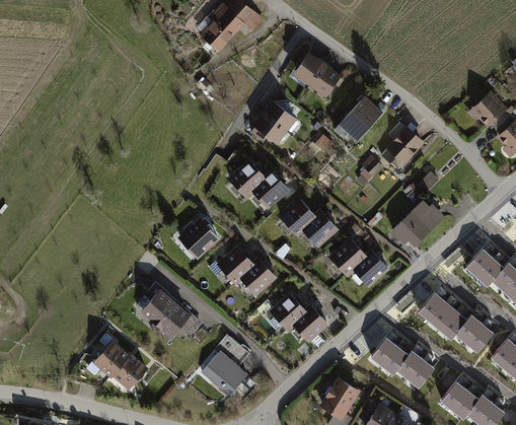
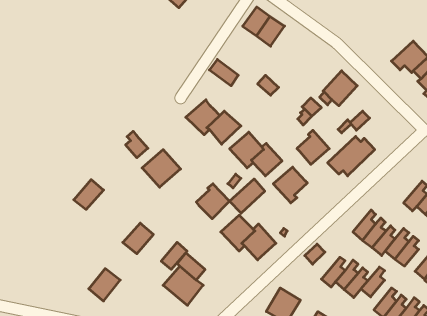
building: [335,91,384,141] -> none
building: [262,99,295,130] -> none
building: none -> [126,131,148,158]
building: [466,243,494,278] -> none
building: [215,244,252,286] -> none
building: [351,247,388,287] -> [297,130,329,164]
building: none -> [229,179,265,213]
building: [138,289,172,324] -> [74,180,104,209]
building: none -> [161,242,187,269]
building: [371,332,398,366] -> [361,267,385,297]
building: [95,341,132,377] -> none

